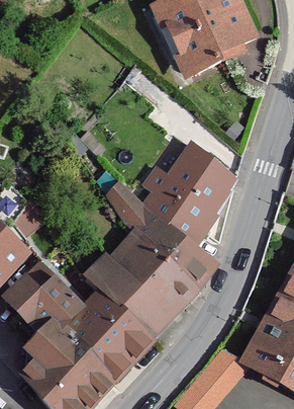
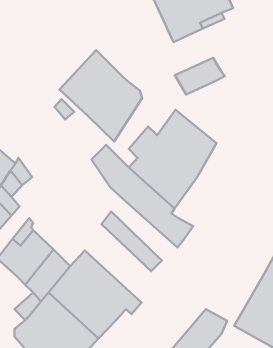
building: none -> [60,50,142,141]
building: none -> [175,58,225,95]
building: [124,237,198,306] -> none
building: [84,255,166,334] -> none

